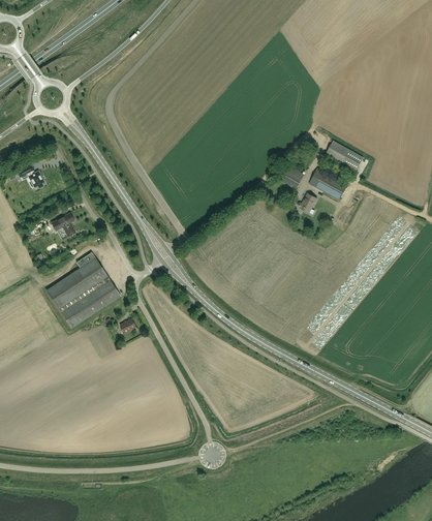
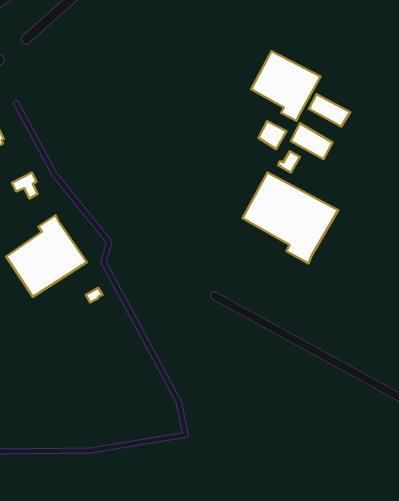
building: none -> [251,51,321,121]
building: none -> [242,172,338,263]

